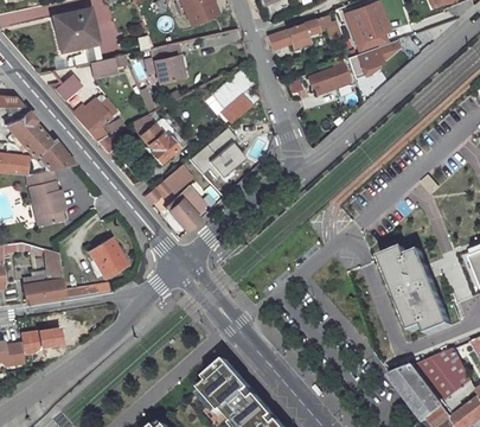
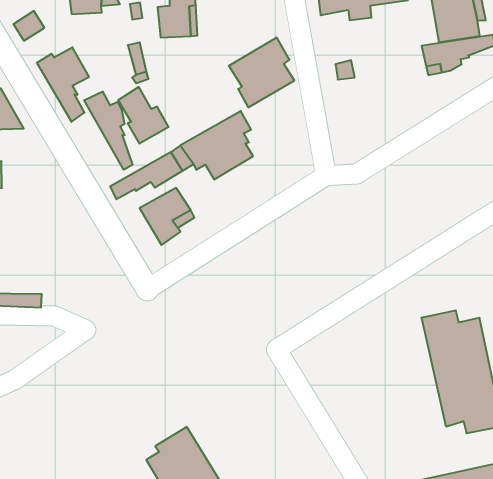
building: [308,63,350,94] -> none
building: none -> [84,92,132,170]
building: [88,237,127,279] -> none

